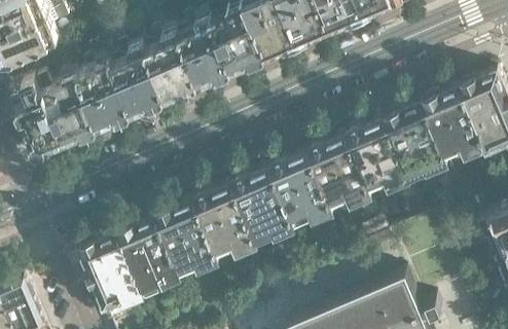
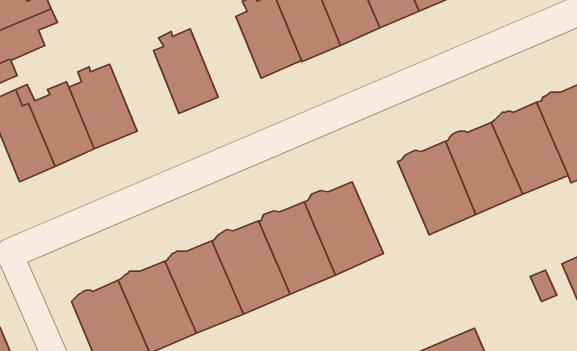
building: [178,16,233,87] -> none
building: [112,45,167,115] -> none
building: [307,140,370,215] -> none

